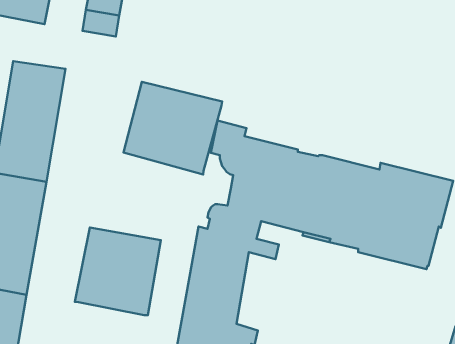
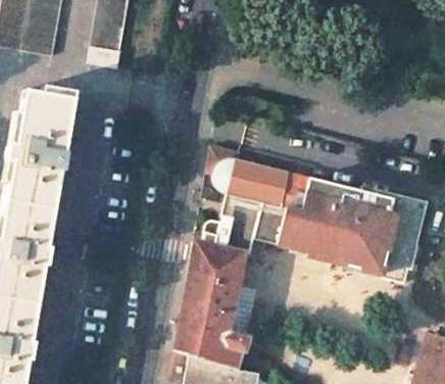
building: [124,82,222,175] -> none
building: [75,227,161,315] -> none

